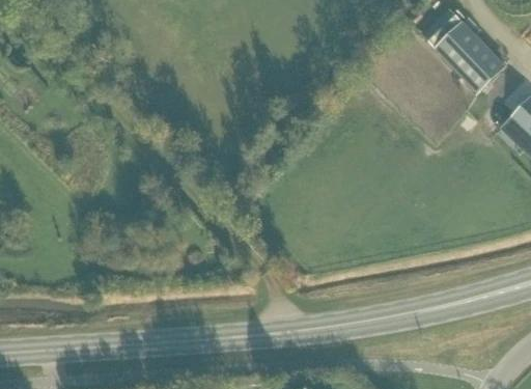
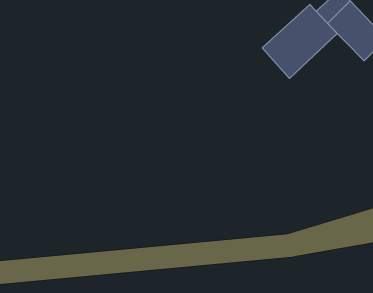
building: none -> [262,4,337,78]

